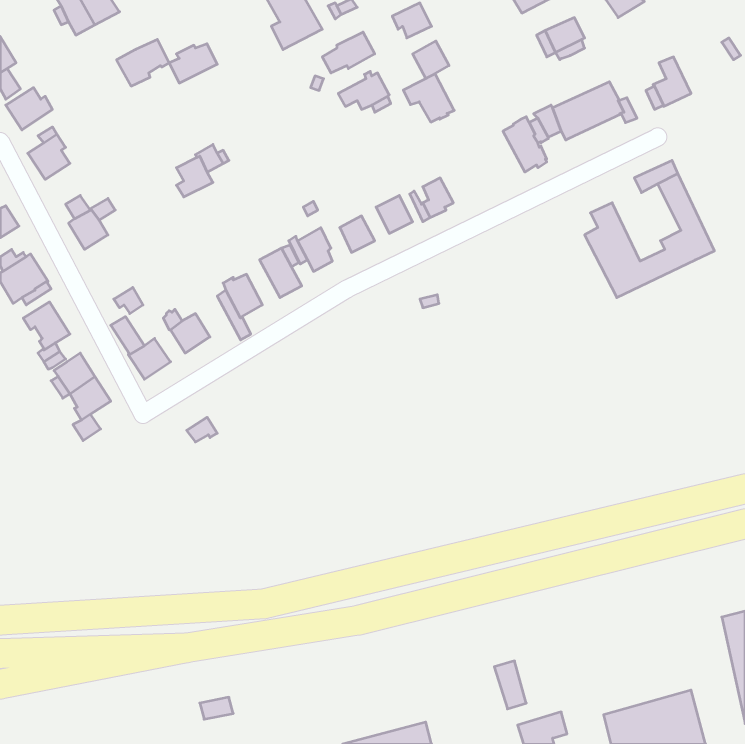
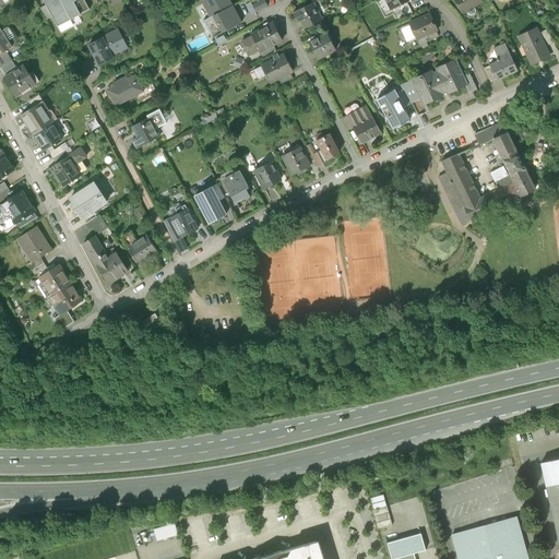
building: none -> [519,27,549,63]
building: [169,44,217,83] -> [107,75,143,105]
building: [403,74,454,122] -> [342,106,380,142]
building: none -> [34,122,62,151]
building: none -> [70,179,107,217]

